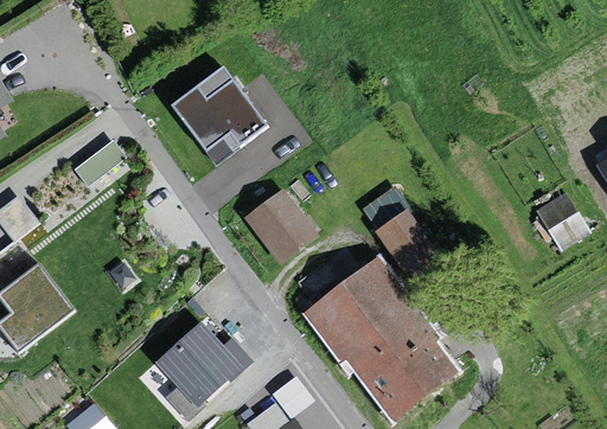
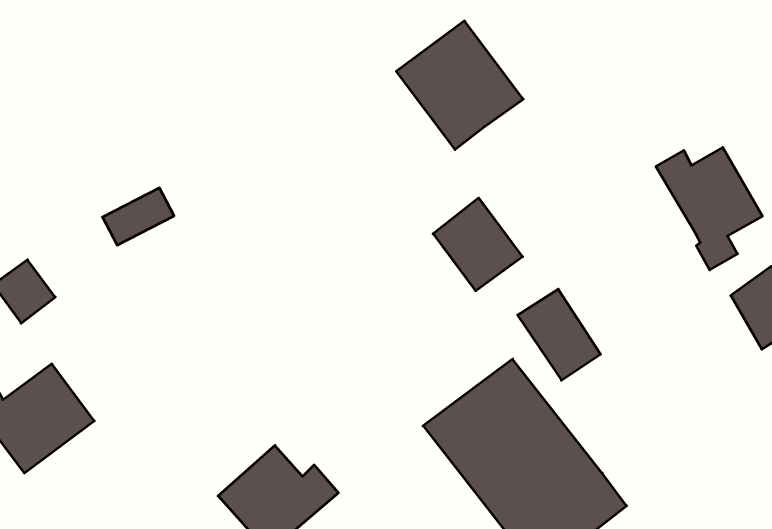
building: [174,70,267,164] -> [396,21,523,150]
building: none -> [656,147,762,270]
building: [249,192,314,260] -> [433,198,523,291]

